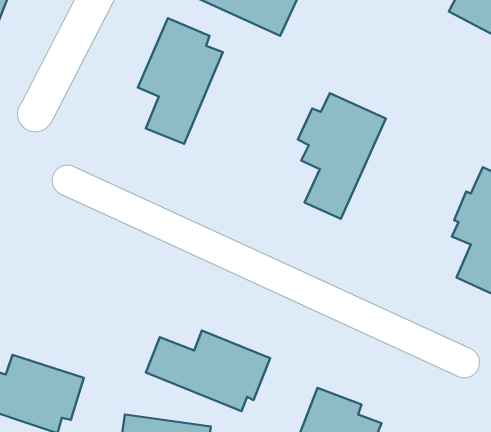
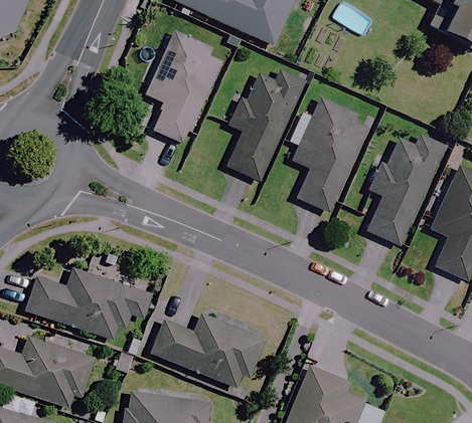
building: none -> [226,72,300,182]
building: none -> [365,135,446,246]
building: none -> [25,268,152,340]

